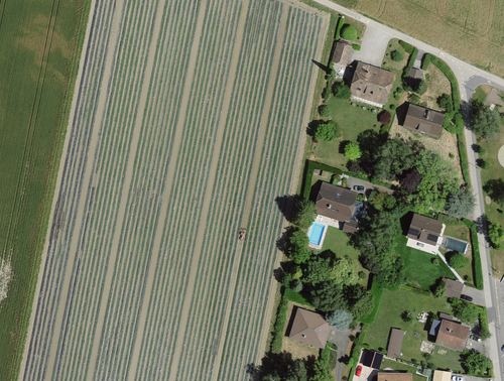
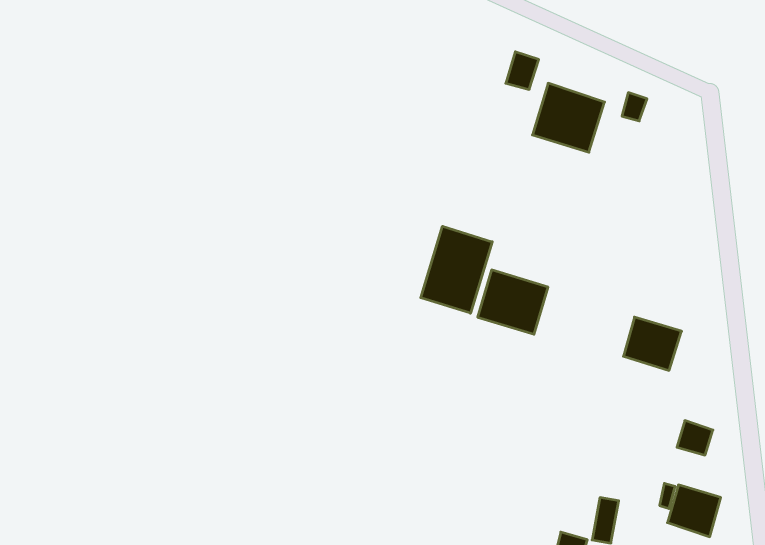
building: [402,104,446,139] -> none
building: none -> [421,226,492,313]
building: [288,307,336,352] -> none

